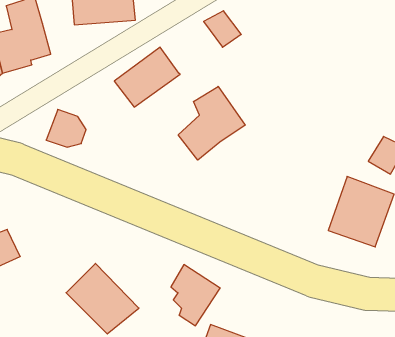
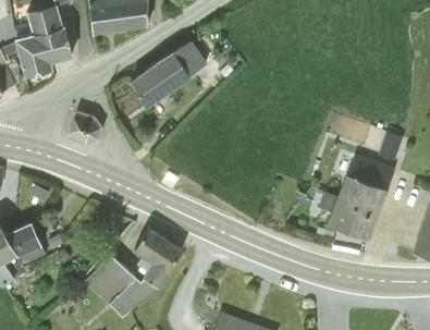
building: [204,11,241,47] -> [172,42,207,76]
building: [178,86,245,160] -> none
building: [171,265,220,326] -> [136,230,182,286]

